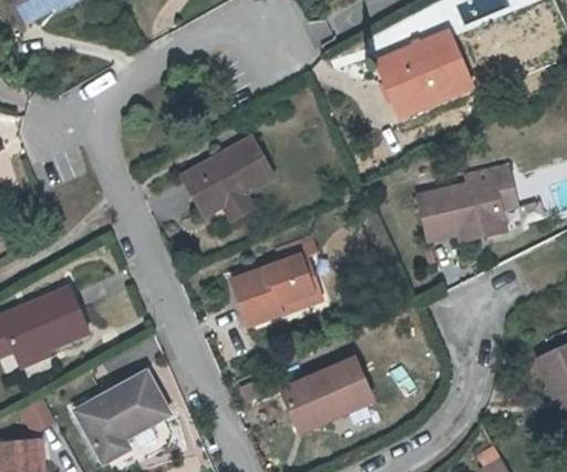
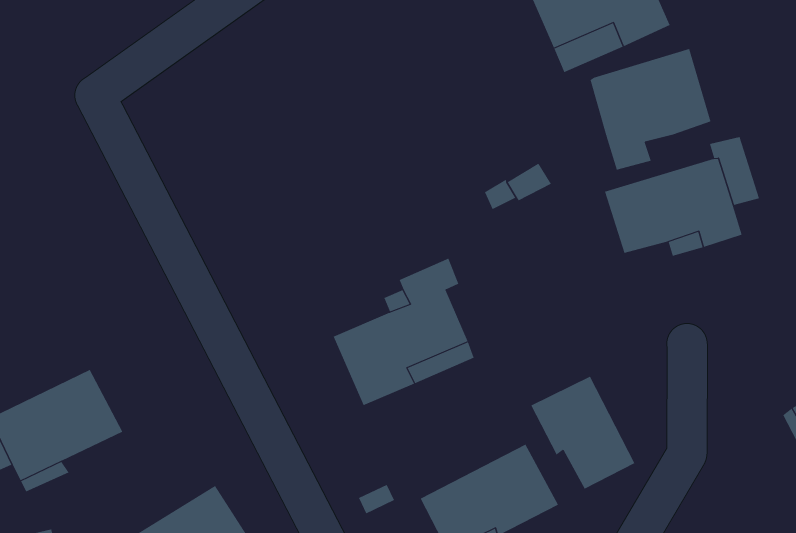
building: none -> [590,48,711,171]
building: [173,131,268,213] -> none
building: none -> [531,376,635,490]

